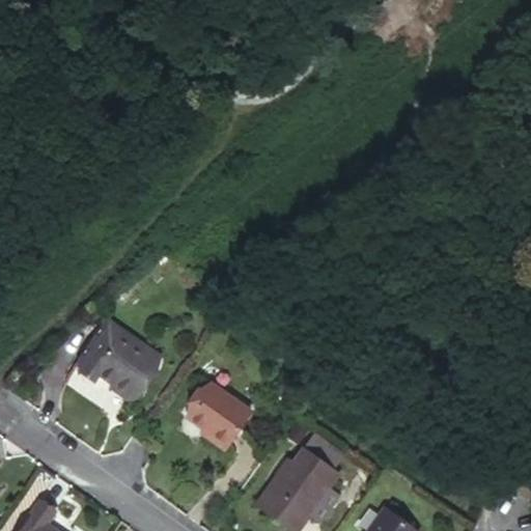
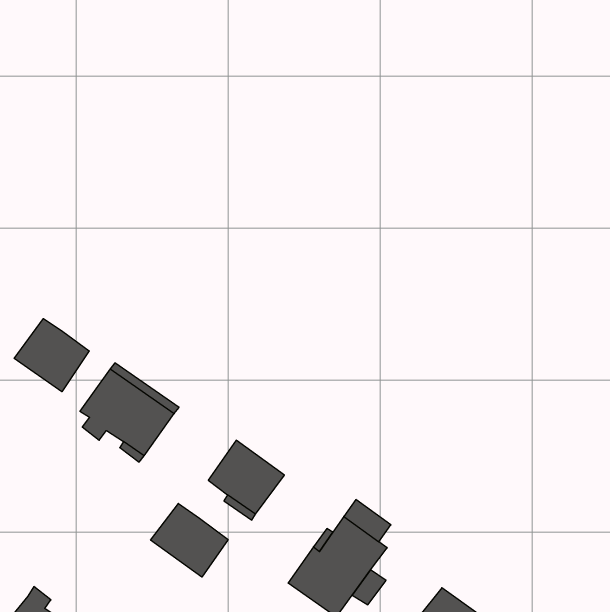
building: none -> [14,319,89,392]
building: none -> [151,503,228,577]

